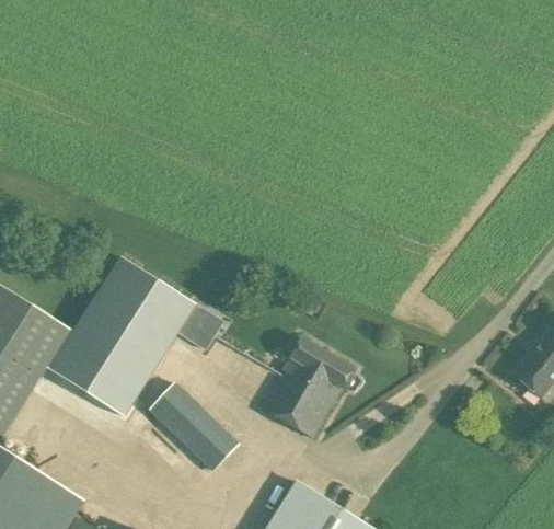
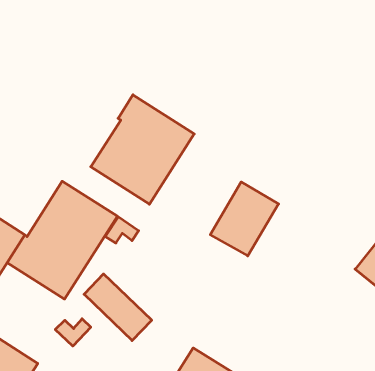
building: none -> [91,95,194,204]
building: [262,338,354,438] -> [210,182,279,256]
building: none -> [55,319,91,346]

